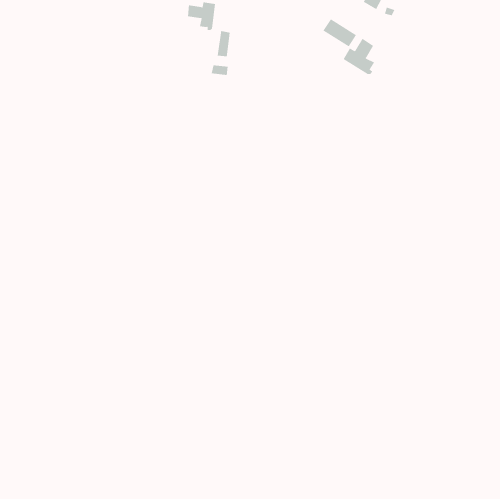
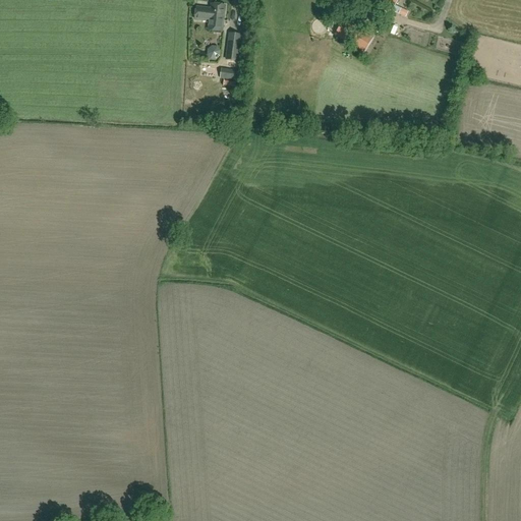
building: [343,38,375,75] -> none

